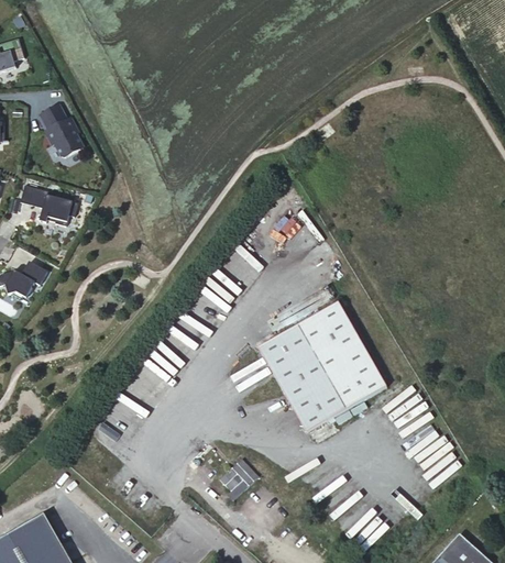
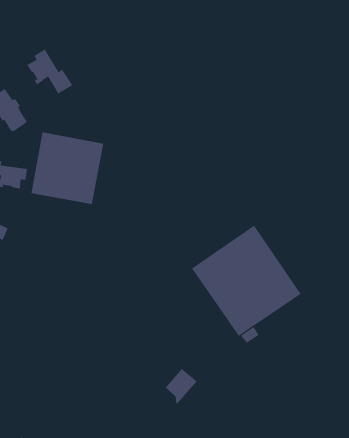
building: none -> [26,49,73,95]
building: none -> [31,131,104,205]

